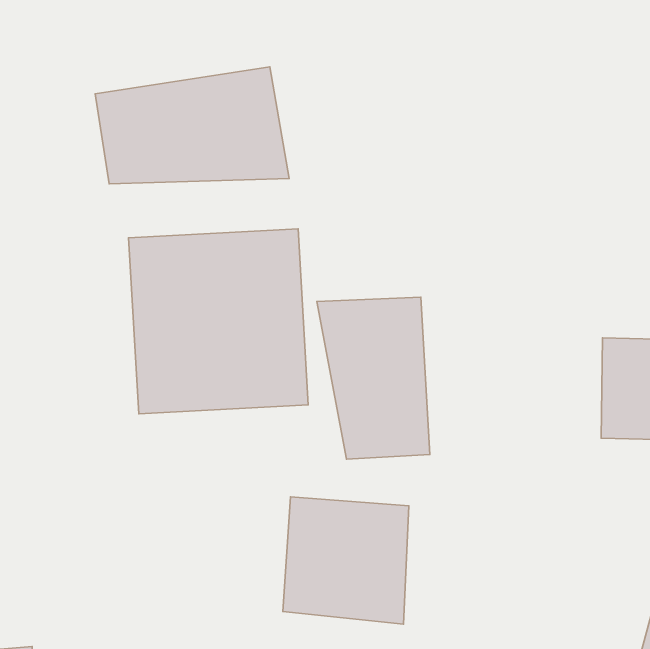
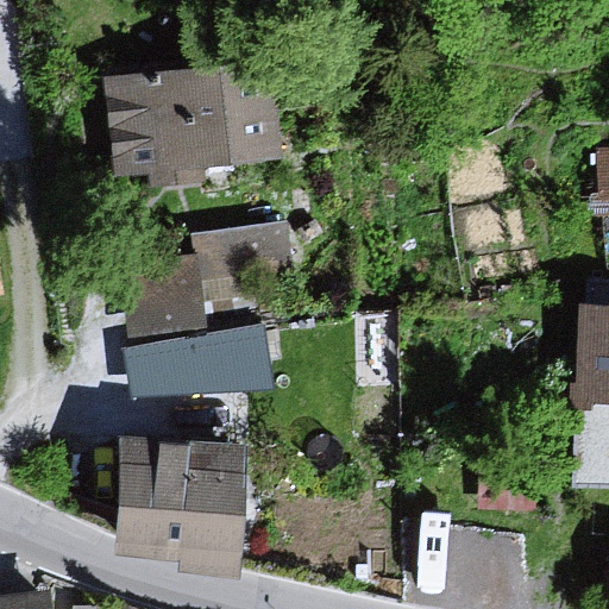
building: [317,297,430,459] -> none
building: [283,497,409,624] -> [128,453,245,571]

